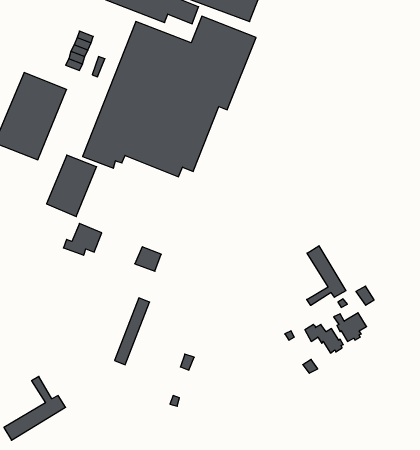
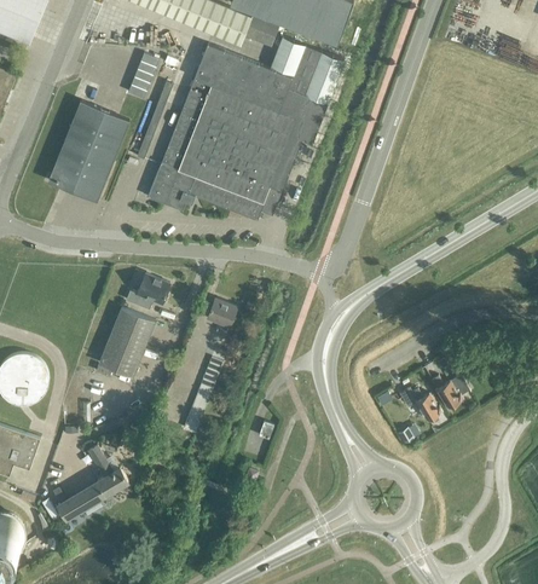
building: [47,155,97,217] -> [98,308,155,378]
building: [307,246,346,305] -> none

